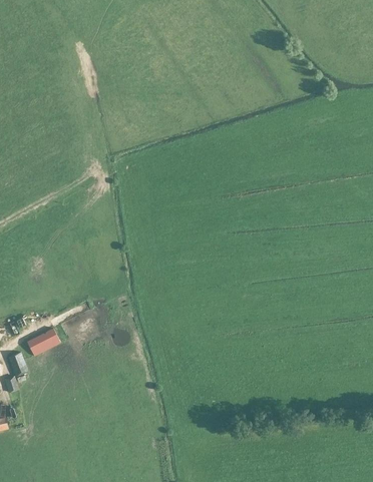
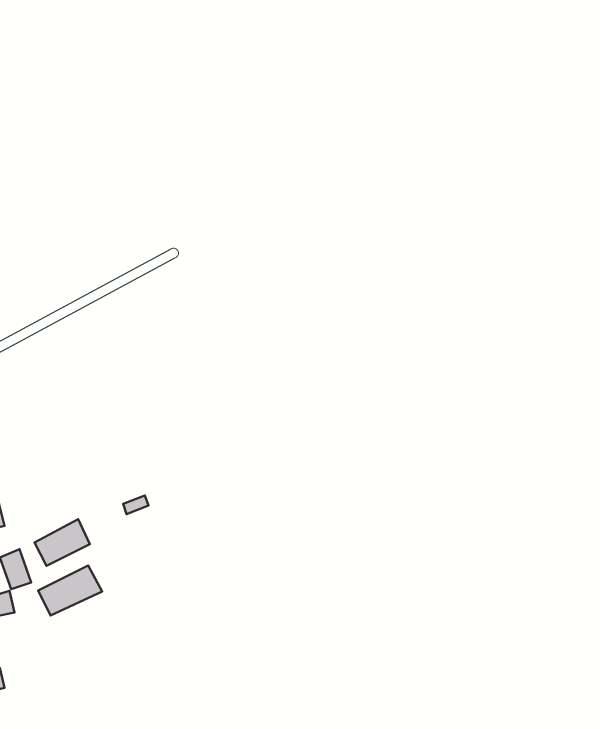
building: none -> [38,565,102,616]

